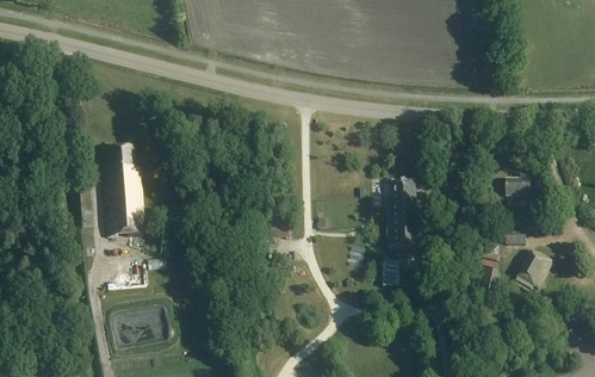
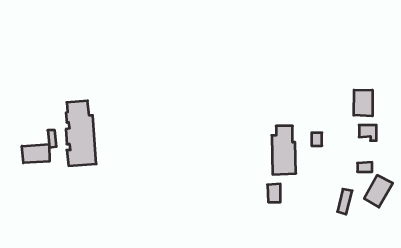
building: none -> [354,90,372,116]
building: none -> [22,144,49,163]

